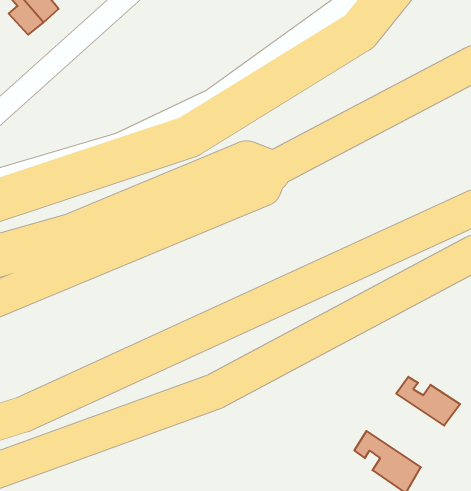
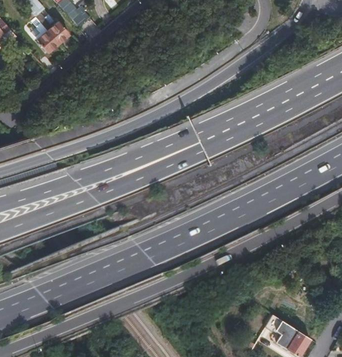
building: [396,377,460,426] -> none

